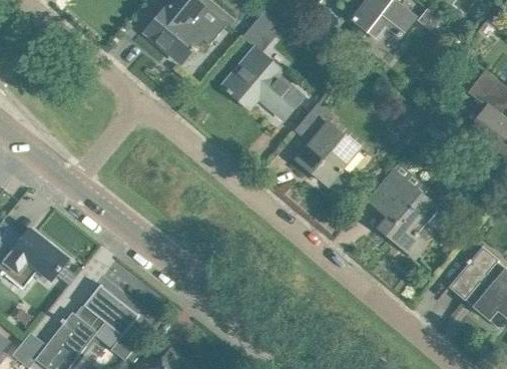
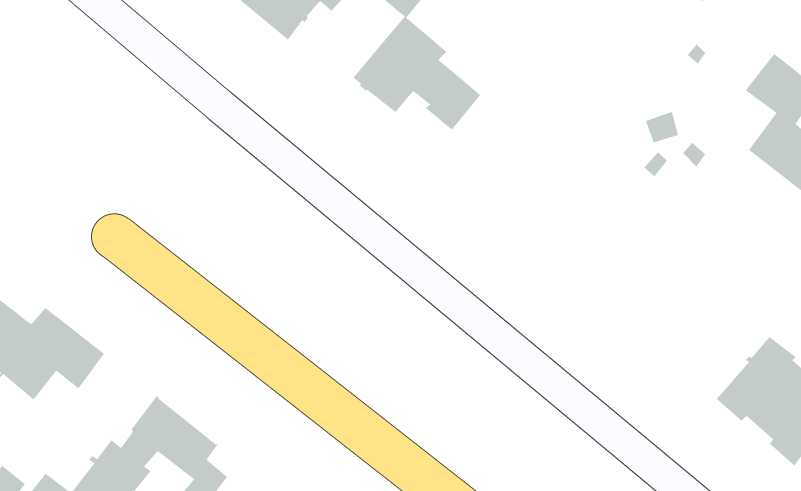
building: [299,103,359,195] -> none
building: [367,169,436,257] -> none

